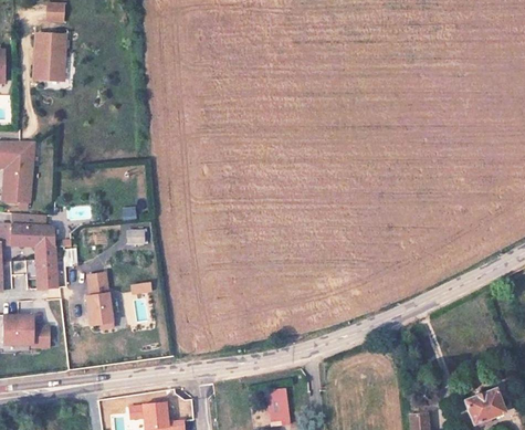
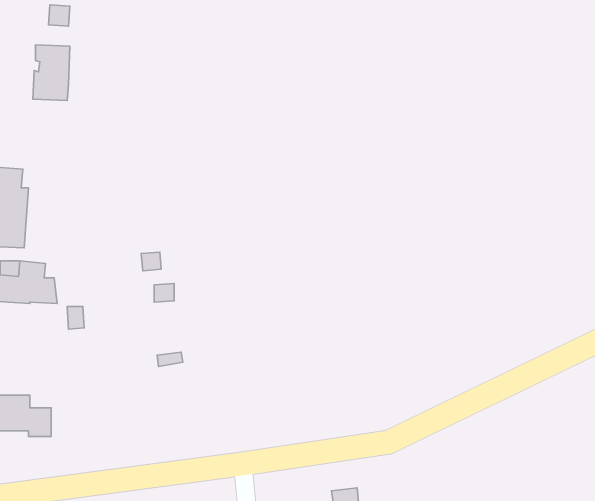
building: [29,244,55,290] -> none
building: [85,275,112,332] -> none

